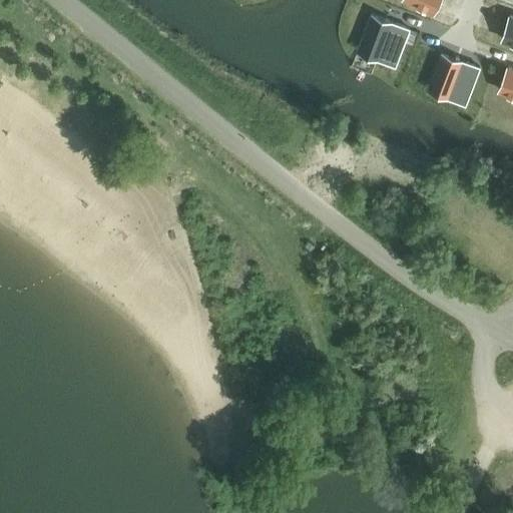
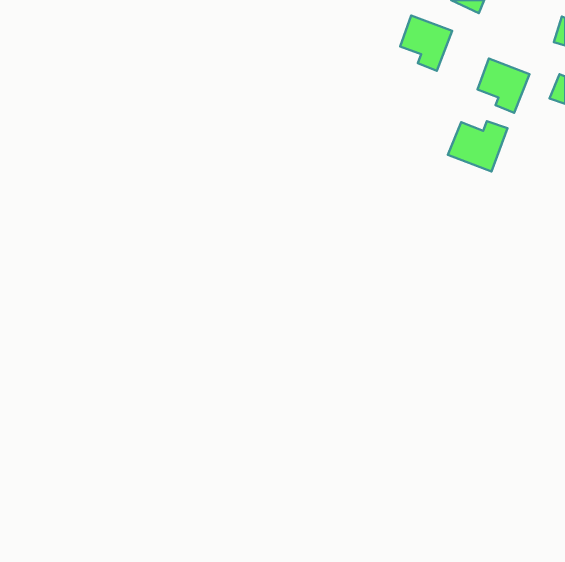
building: none -> [448,121,507,172]

